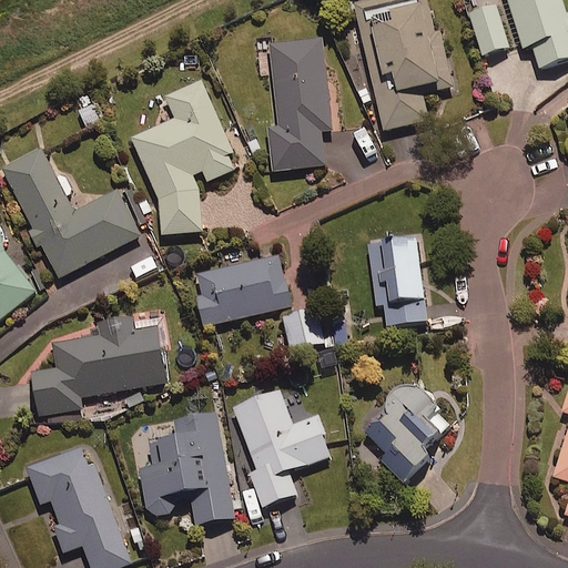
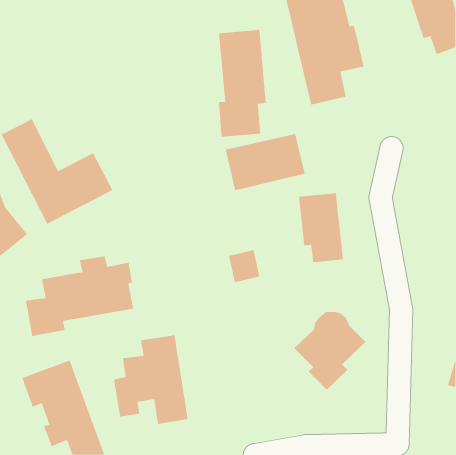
building: [469,6,507,54] -> none
building: [131,79,231,234] -> none
building: [191,255,291,326] -> [225,133,306,191]
building: [233,392,329,507] -> none

